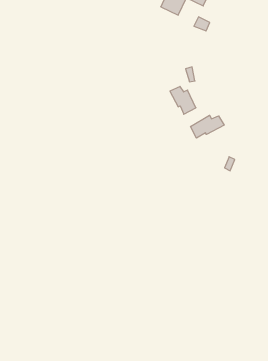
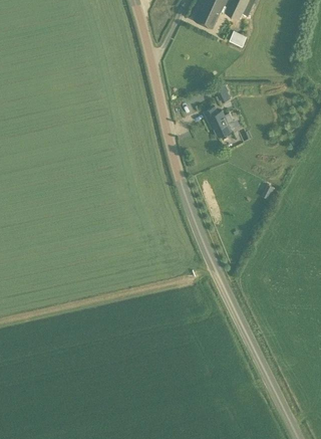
building: [191,115,224,138] -> none

